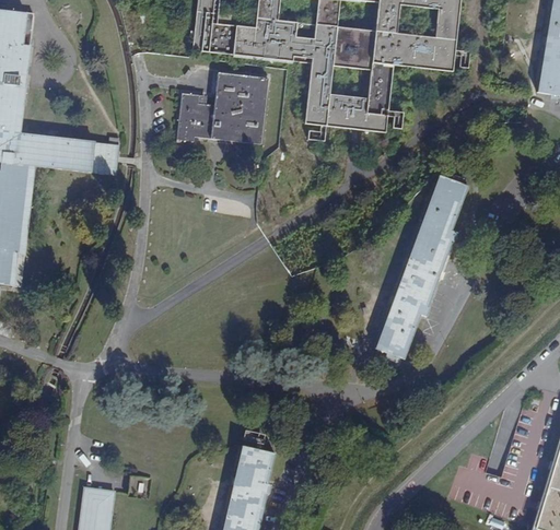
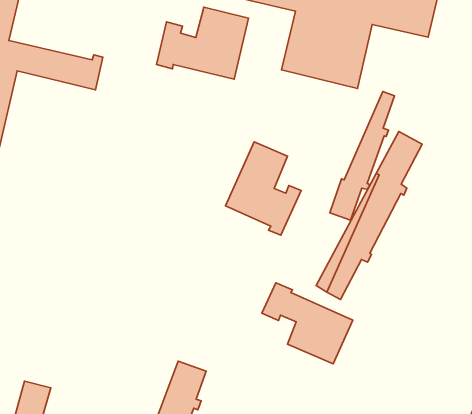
building: none -> [330,91,395,220]
building: none -> [226,142,301,235]
building: none -> [262,283,353,364]

